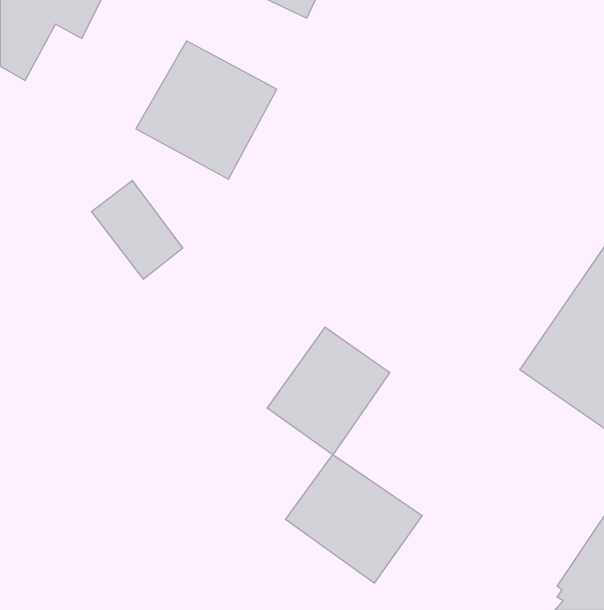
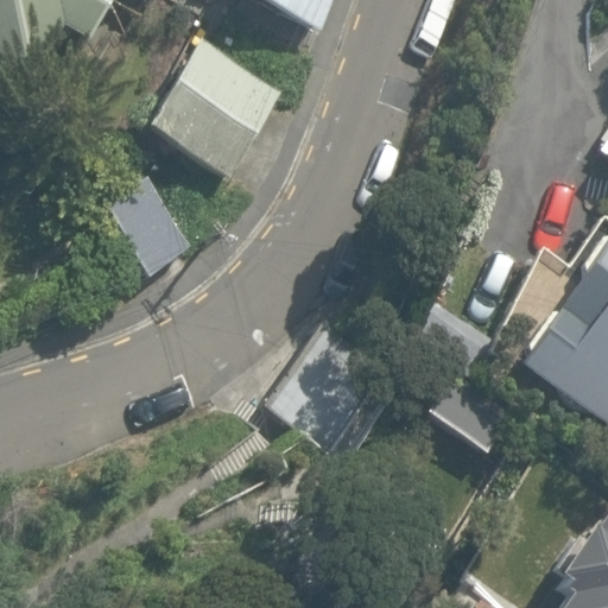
building: [285,454,422,583] -> none

